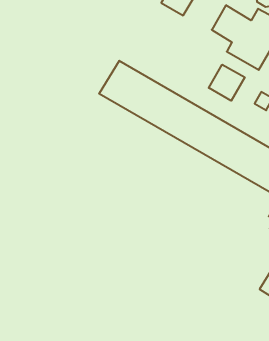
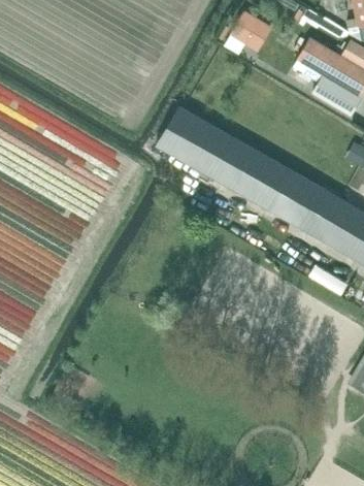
building: [209,65,245,101] -> none

